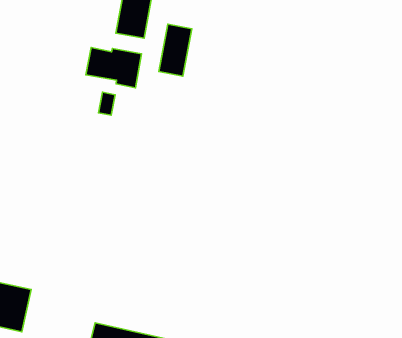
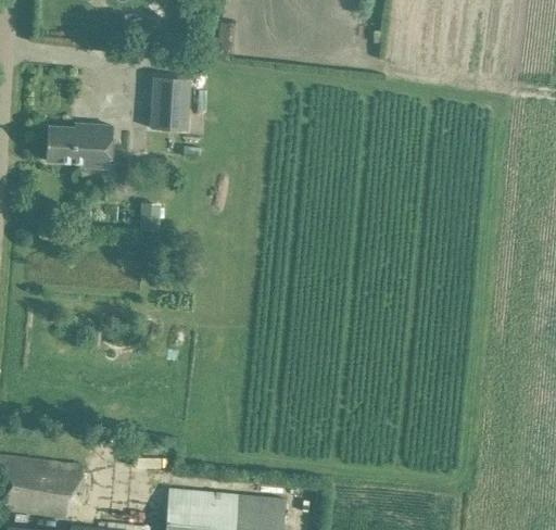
building: [159,24,192,76] -> none
building: [86,48,142,88] -> [46,123,112,168]

